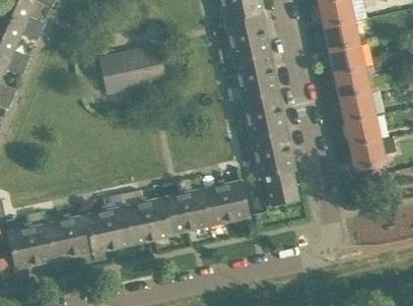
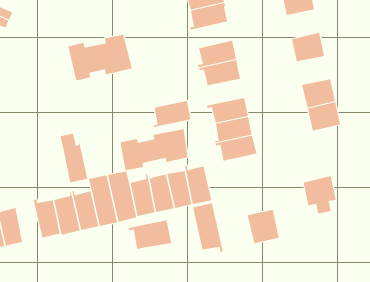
building: [325,21,359,52] -> none
building: [226,34,270,61] -> none
building: [335,69,370,99] -> none
building: [243,93,282,120] -> [153,101,191,127]
building: [351,139,386,179] -> [303,176,336,214]
building: none -> [120,128,188,171]
building: [265,170,298,205] -> [247,209,279,244]
building: [45,209,74,260] -> [60,133,88,183]
building: none -> [192,203,223,253]
building: none -> [128,220,172,250]

